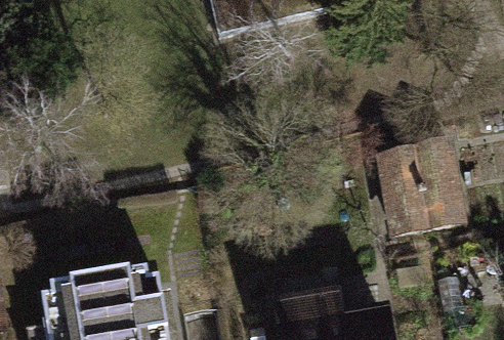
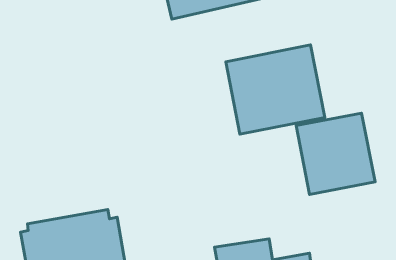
building: none -> [226,45,325,134]

